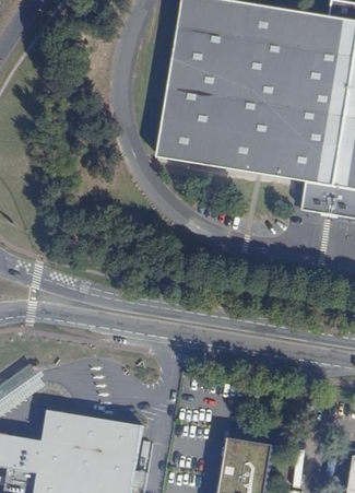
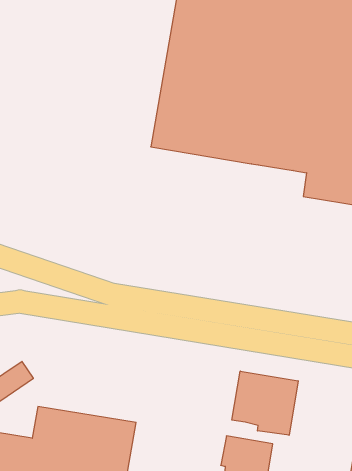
building: none -> [232,371,298,435]

